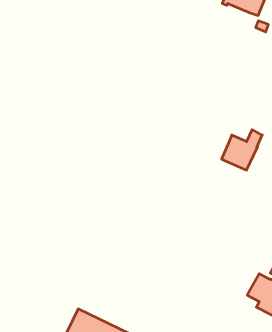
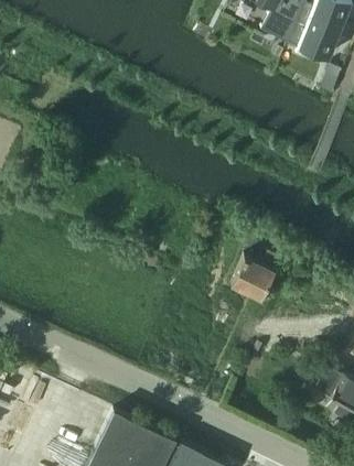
building: [222,130,262,170] -> [233,253,281,302]

